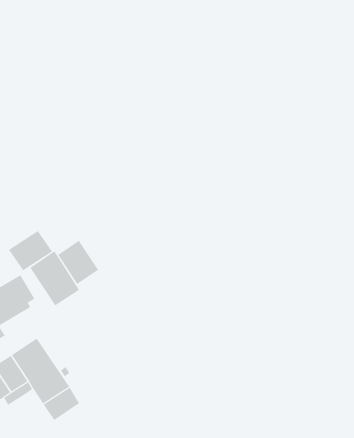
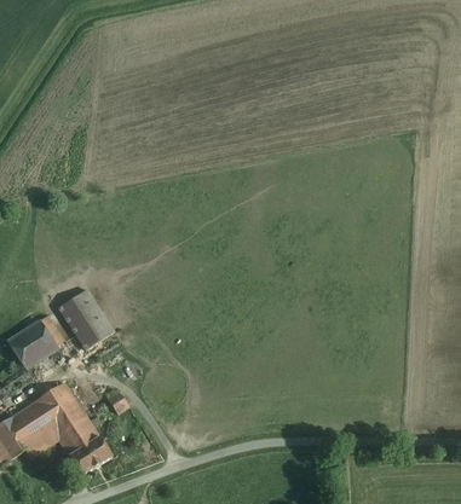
building: [8,230,53,271] -> none
building: [57,240,99,285] -> none

